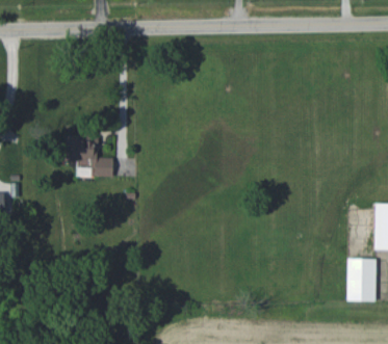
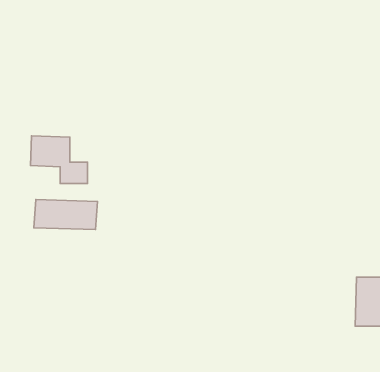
building: none -> [34,199,97,230]

